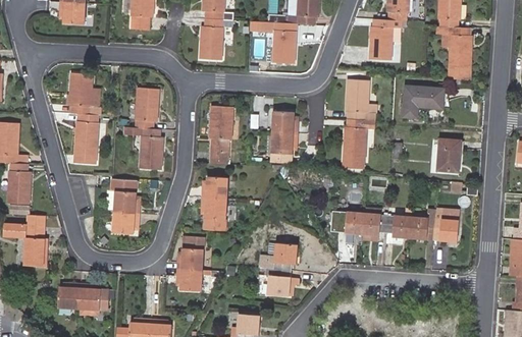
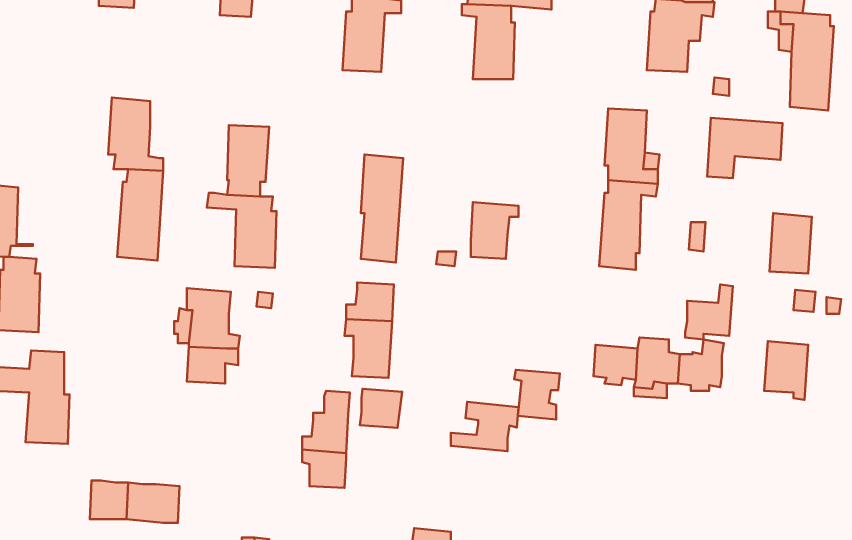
building: [271,110,298,133] -> none
building: [409,208,435,238] -> [685,284,733,339]
building: none -> [360,389,402,428]
building: [265,268,291,295] -> [514,370,560,419]

